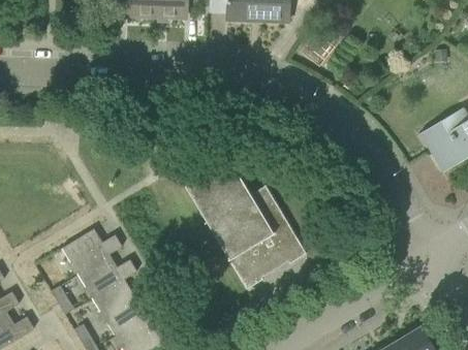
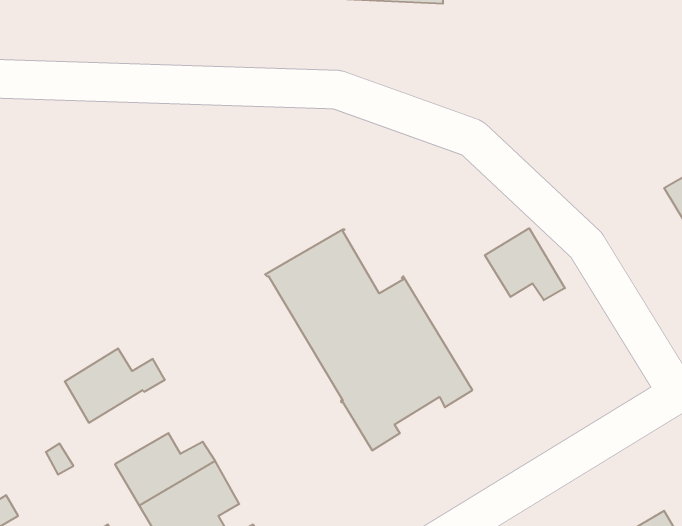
building: none -> [485,228,565,300]
building: [76,253,136,297] -> none

